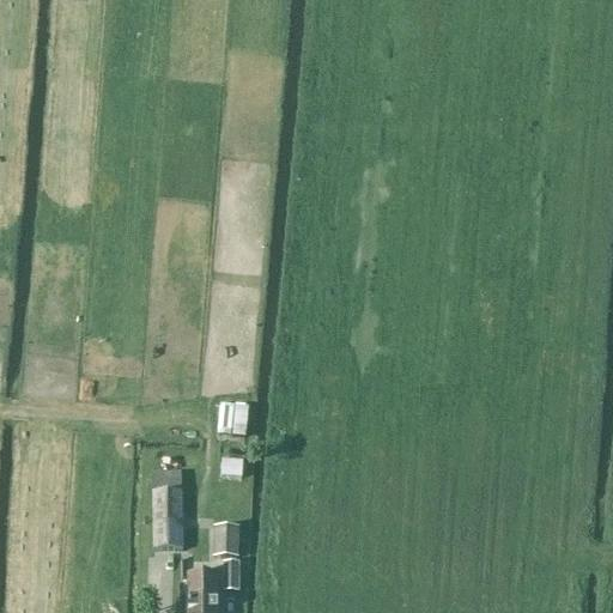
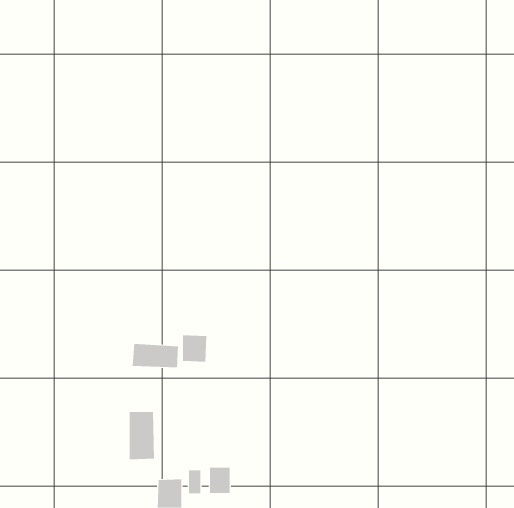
building: none -> [132,343,178,368]
building: [214,523,239,554] -> [209,467,230,493]

